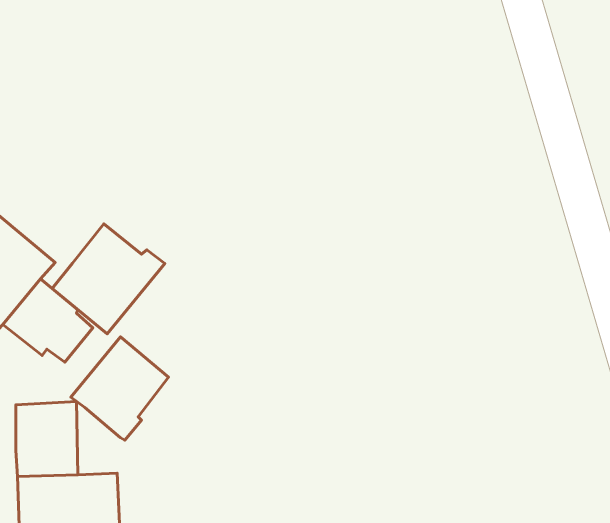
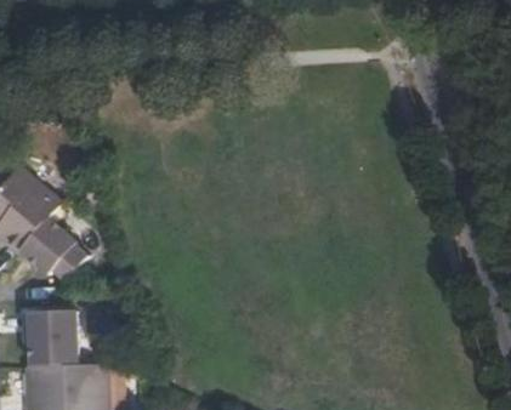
building: [52,224,165,334] -> none
building: [71,337,169,440] -> none

